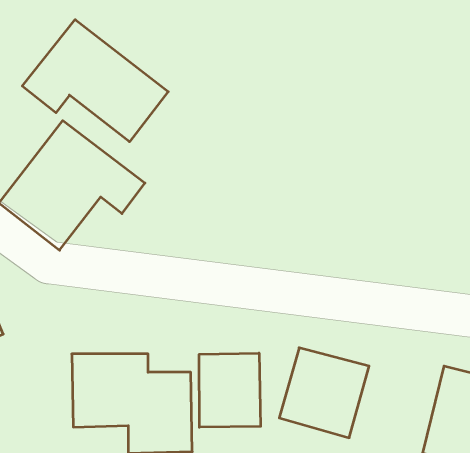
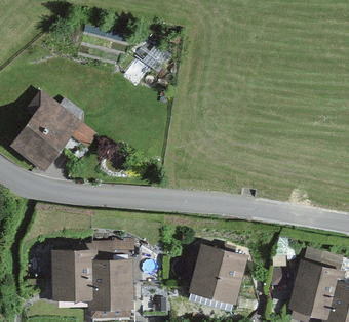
building: [22,20,168,142] -> none
building: [199,353,261,427] -> none

